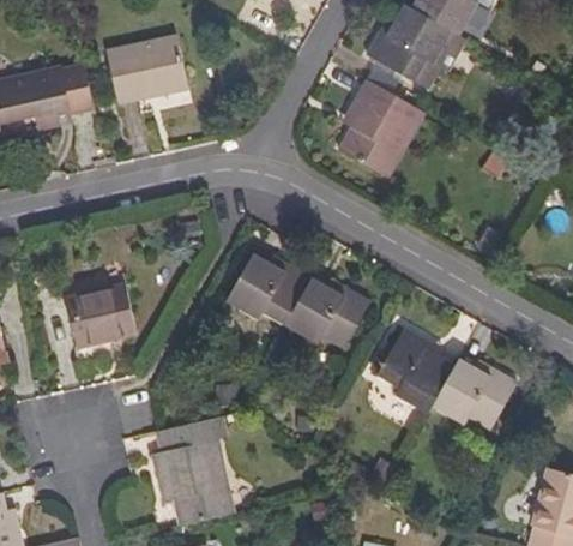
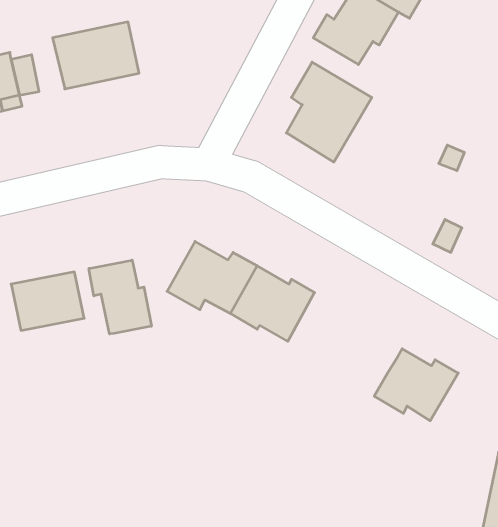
building: none -> [89,260,151,334]
building: [368,329,447,415] -> none
building: [153,436,237,520] -> none

